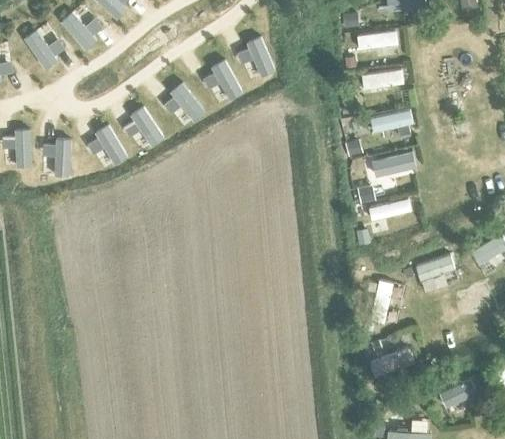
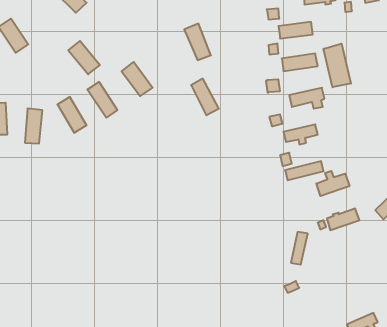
building: [59,9,97,49] -> [68,41,100,74]
building: [211,55,244,99] -> [191,79,219,115]
building: none -> [324,44,351,87]
building: none -> [316,171,349,196]
building: [375,349,414,375] -> none

